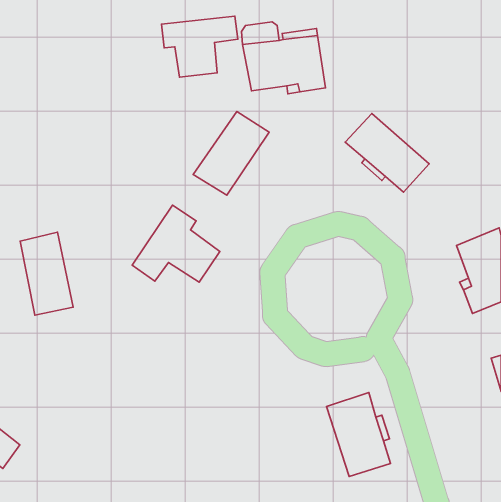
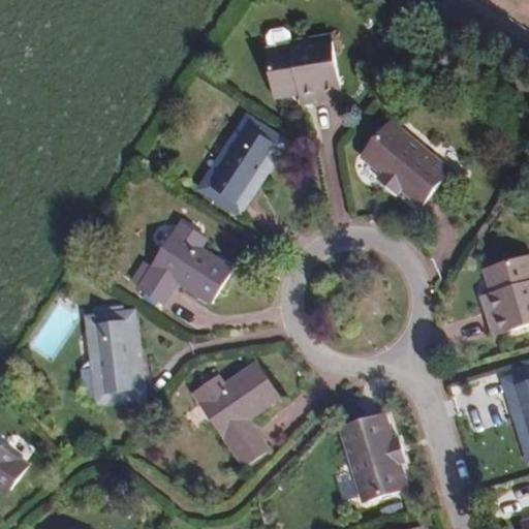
building: [162,16,238,77] -> none
building: [20,232,73,315] -> [87,319,143,406]
building: none -> [190,365,276,468]

